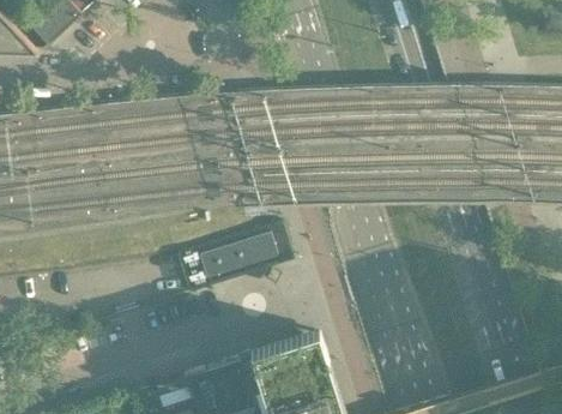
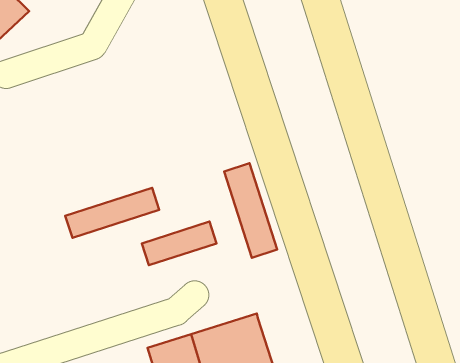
building: none -> [224,163,277,258]
building: none -> [65,188,159,238]

